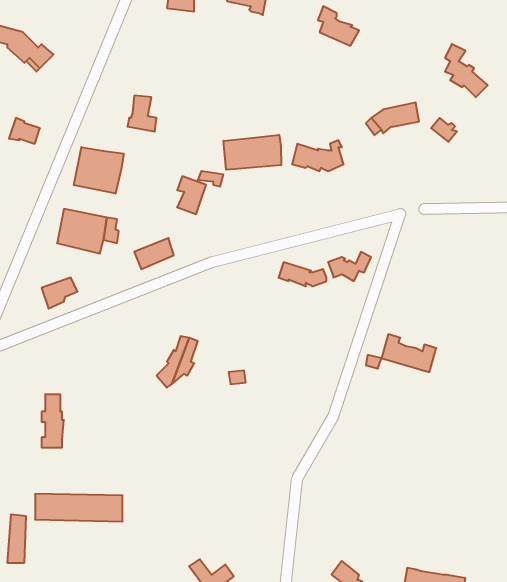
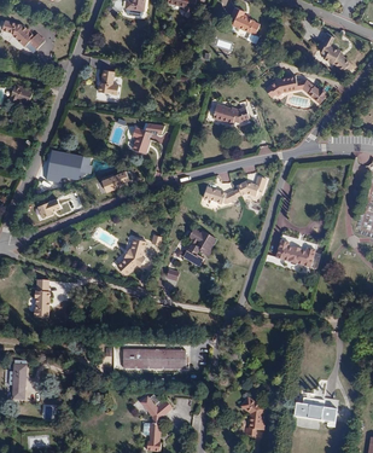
building: [224,135,281,170] -> none
building: [74,147,124,194] -> none
building: none -> [183,233,215,266]
building: [35,494,123,521] -> [123,349,185,368]

